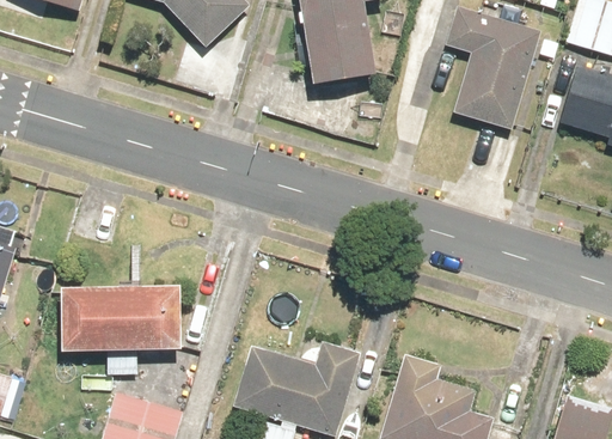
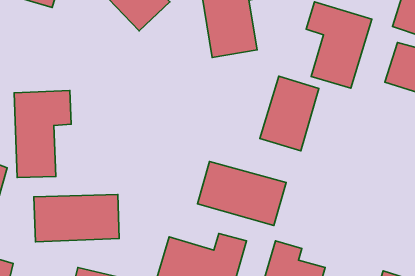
building: none -> [260,76,319,151]
building: none -> [14,91,71,178]
building: none -> [197,161,286,226]

